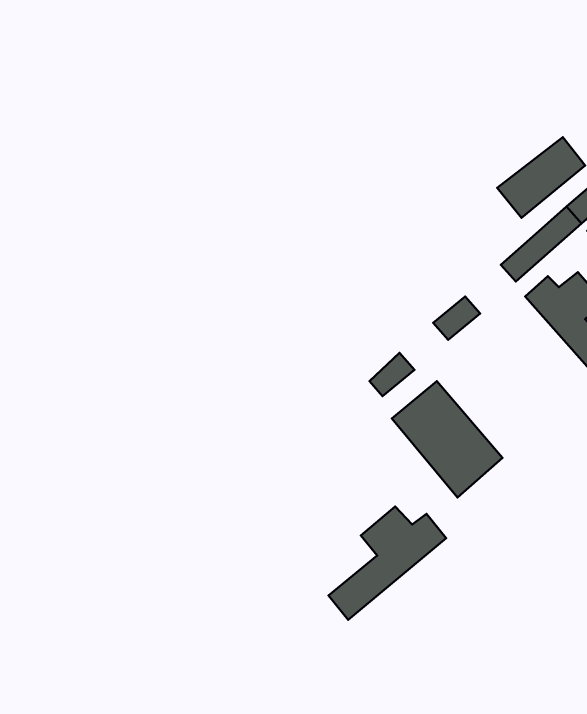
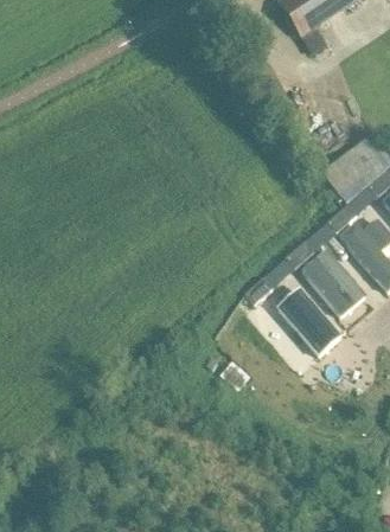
building: none -> [303,254,363,314]
building: [328,507,446,620] -> none

